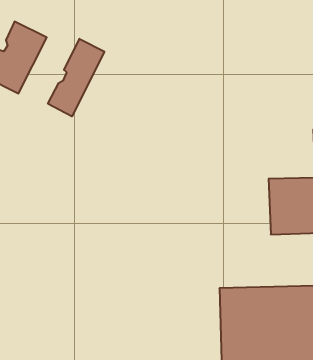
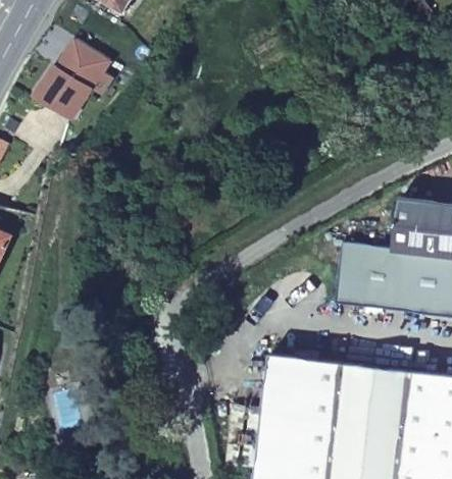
building: [48,39,104,116] -> none

